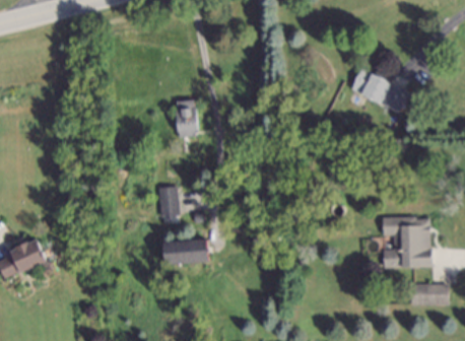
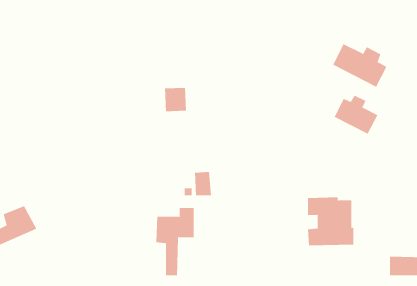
building: none -> [334,95,378,135]
building: [162,193,181,218] -> [194,172,212,196]
building: [382,219,430,270] -> [307,197,354,246]

